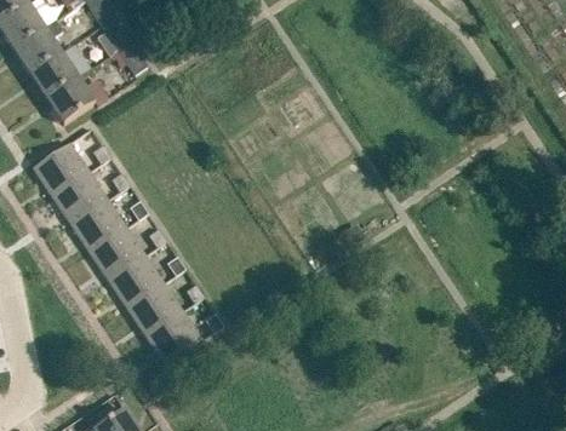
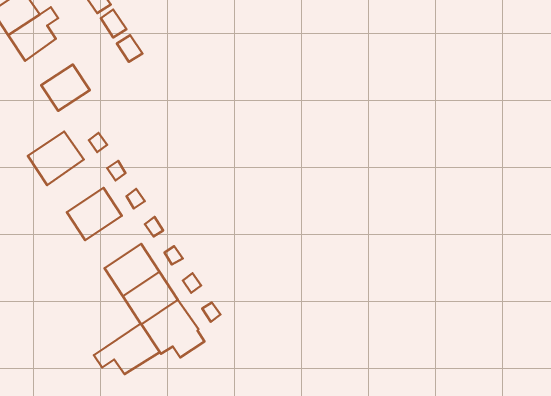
building: [30,51,78,97] -> none
building: [52,171,108,223] -> none
building: [90,226,145,278] -> none
building: none -> [94,324,160,374]

